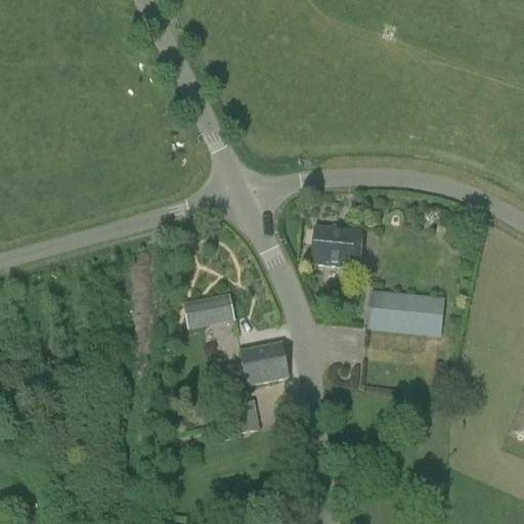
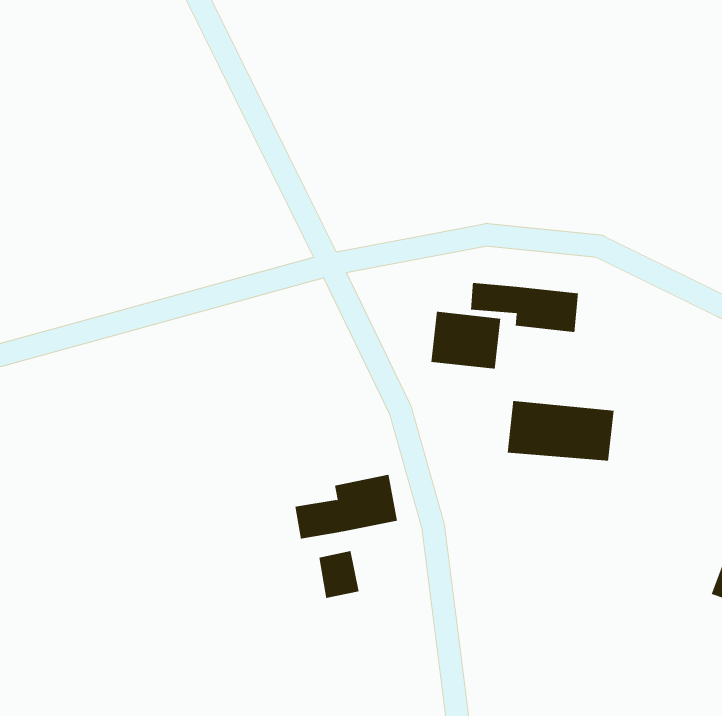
building: none -> [470,282,578,333]
building: [183,293,235,328] -> none

